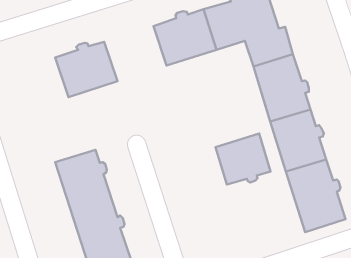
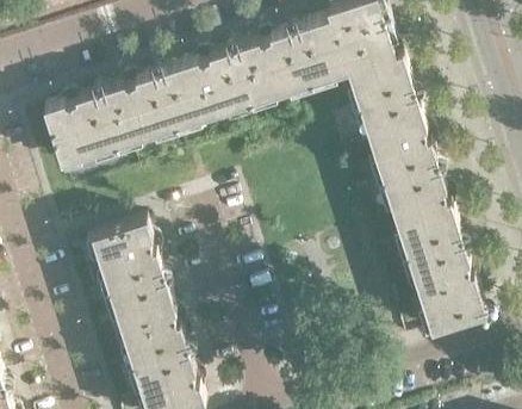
building: none -> [156,52,241,129]
building: none -> [42,95,107,166]
building: [216,133,271,185] -> none

